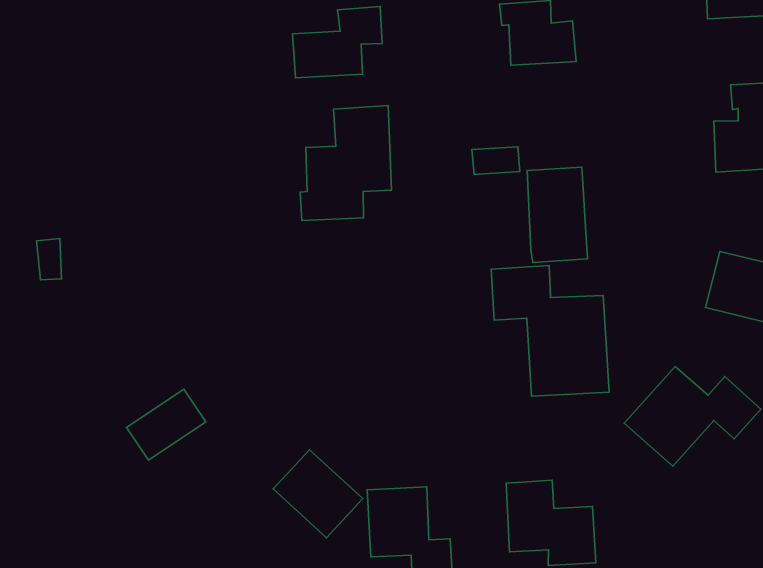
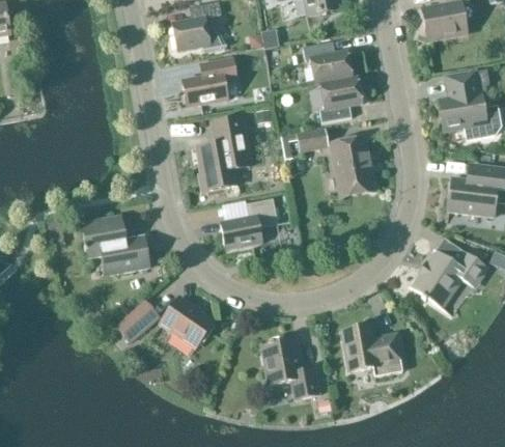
building: none -> [319,77,362,122]
building: none -> [82,215,151,275]
building: none -> [221,198,278,249]
building: [491,266,609,396] -> none
building: [273,450,363,538] -> [161,296,215,346]

